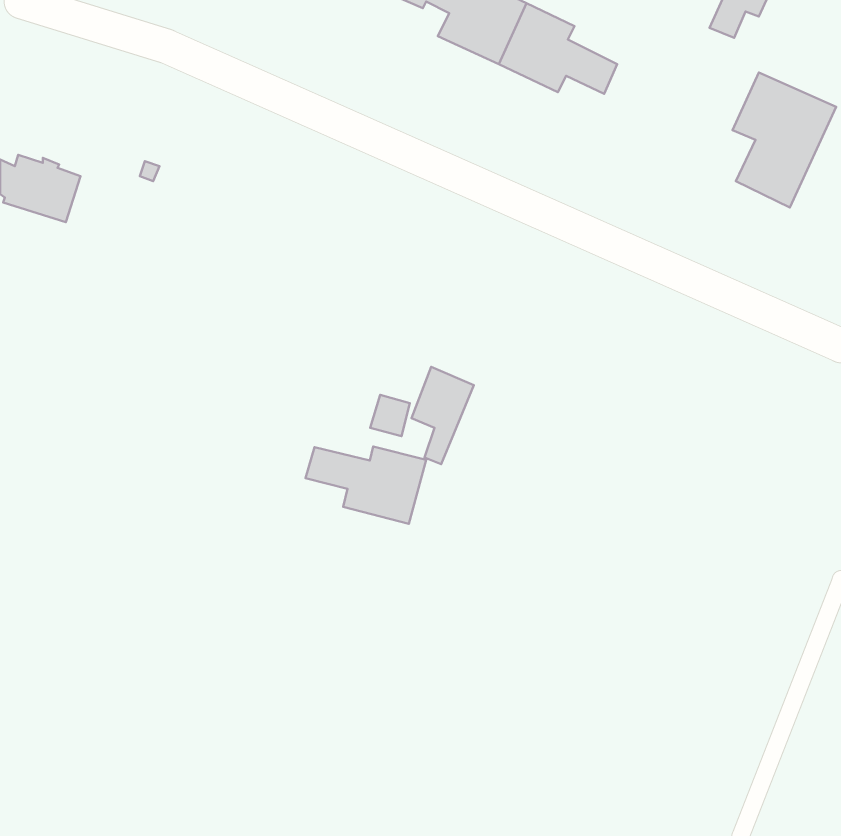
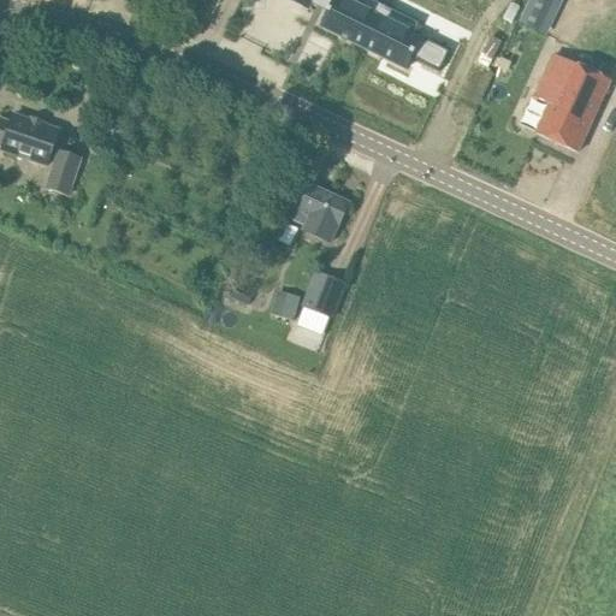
building: none -> [47,149,81,192]
building: none -> [284,176,348,241]
building: [305,446,426,524] -> none

